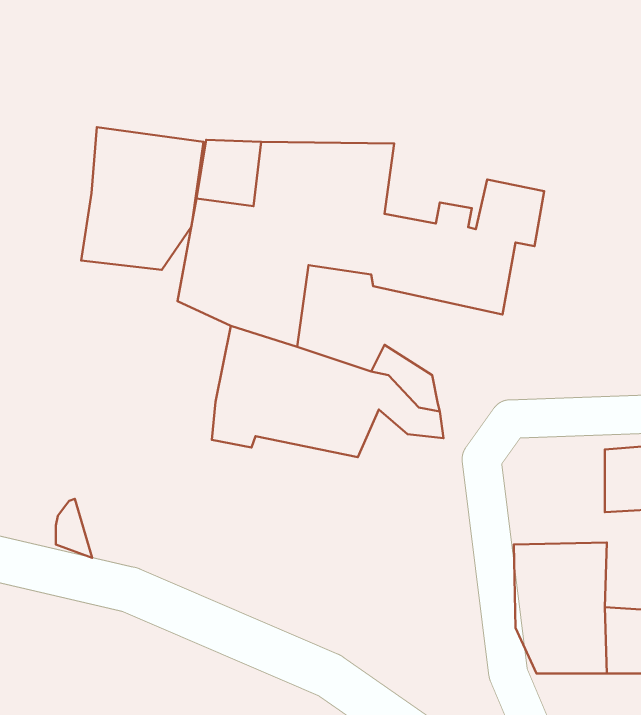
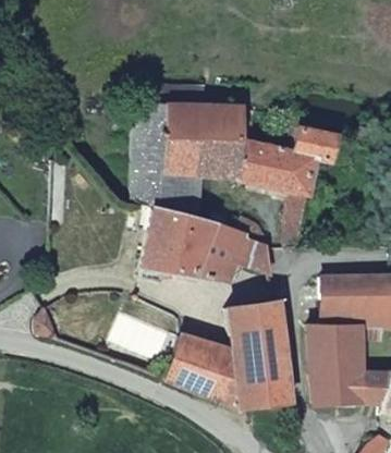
building: [81,127,204,270] -> none
building: none -> [314,278,368,332]
building: none -> [181,301,296,415]

